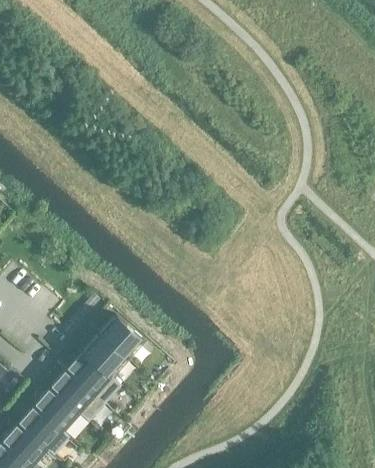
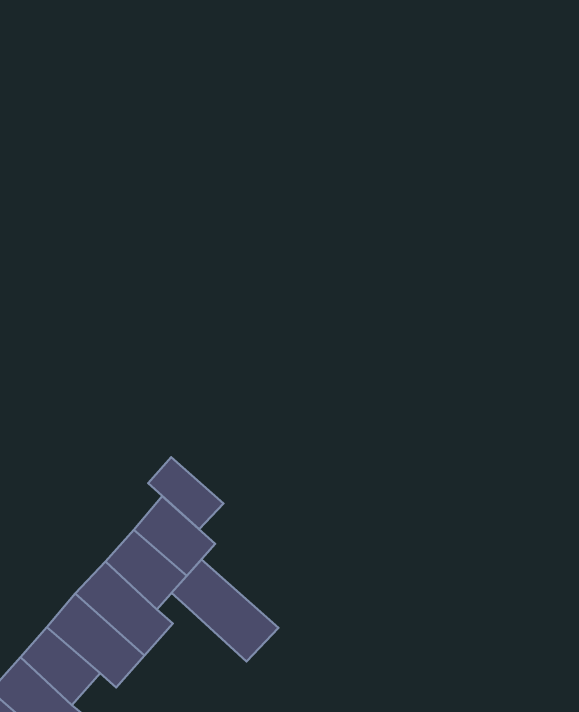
building: none -> [148,457,224,529]
building: none -> [171,560,278,661]

